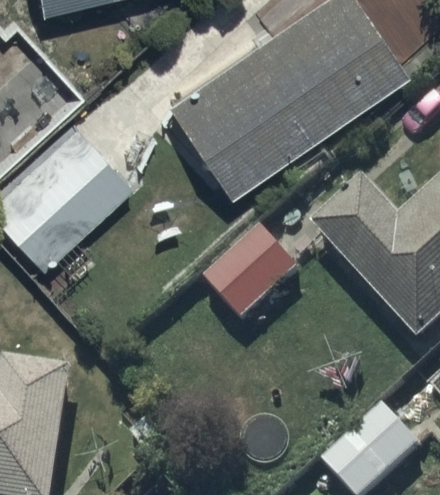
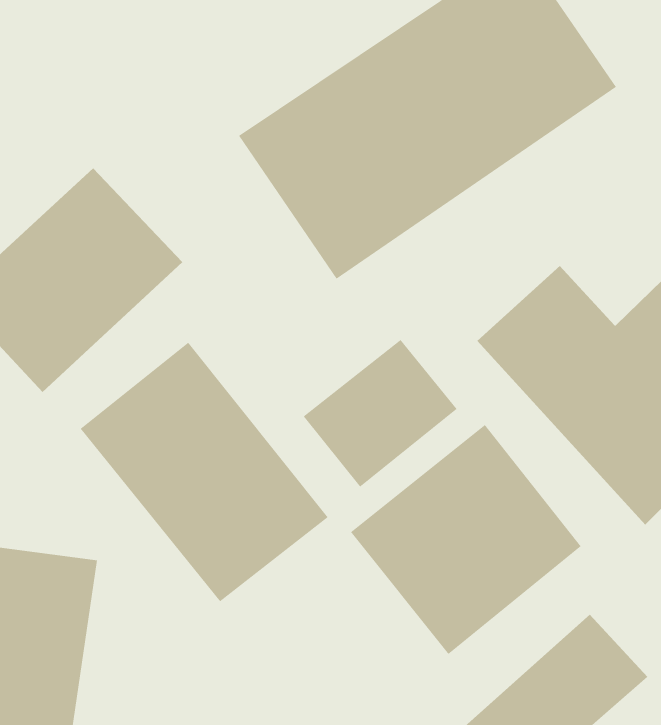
building: none -> [80,342,329,602]
building: none -> [350,424,582,655]

